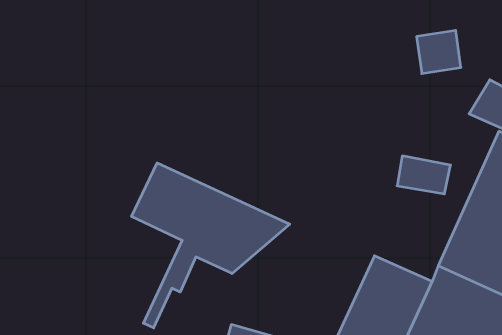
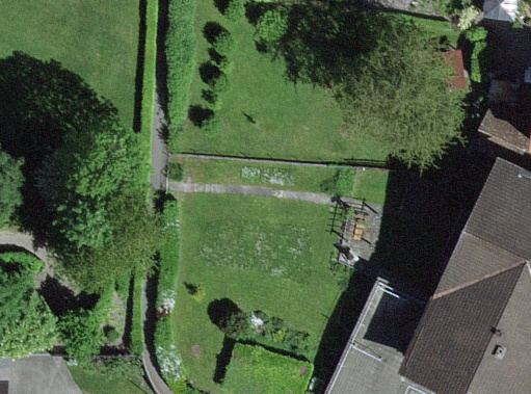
building: [132,163,290,328] -> none

